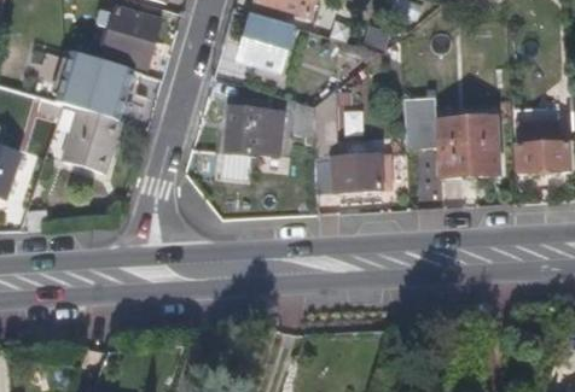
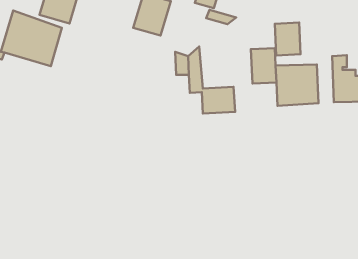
building: none -> [275,23,300,56]
building: [63,106,122,171] -> none
building: [226,107,280,154] -> none

